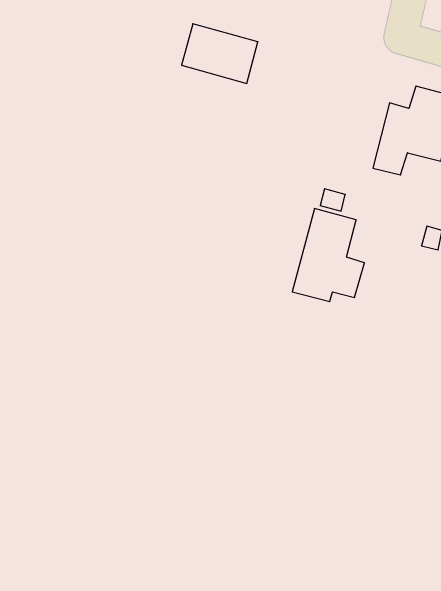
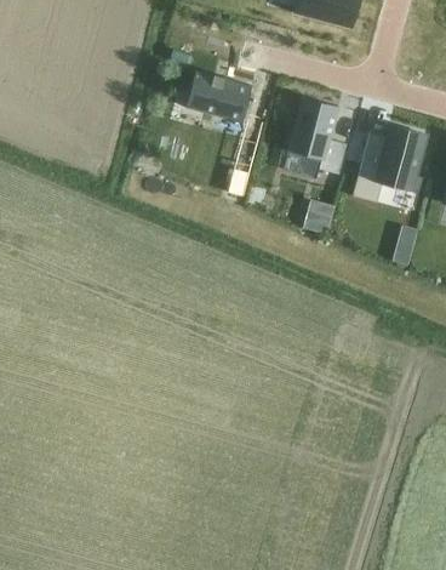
building: [292,209,364,302] -> [284,95,347,176]

